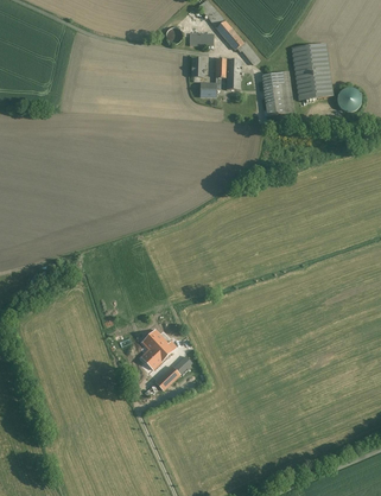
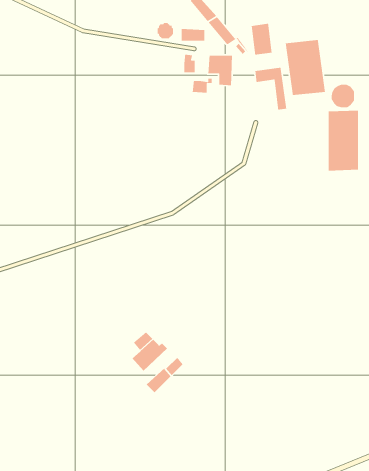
building: [263,83,285,115] -> [251,23,272,56]
building: none -> [328,110,359,171]

